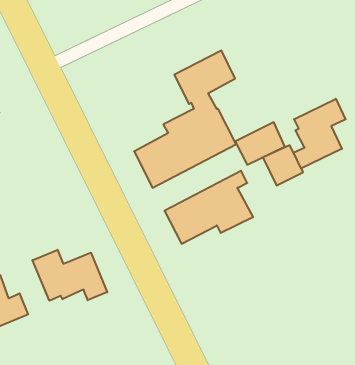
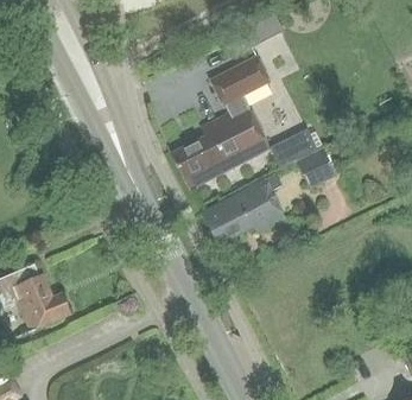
building: [294,99,346,168] -> none
building: [32,250,107,301] -> none

